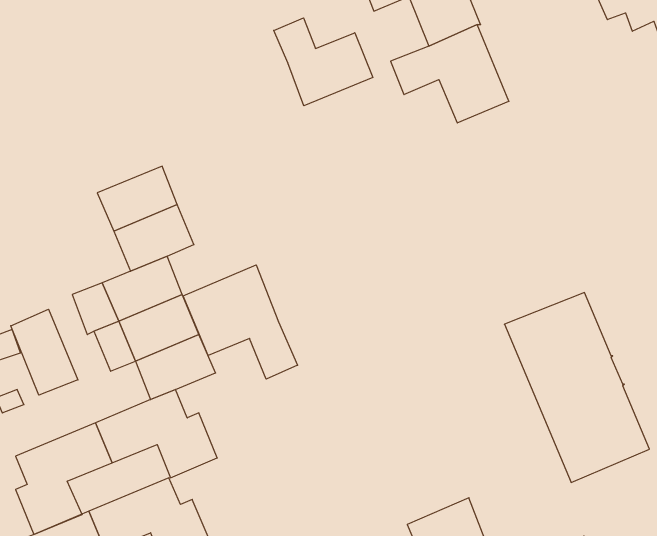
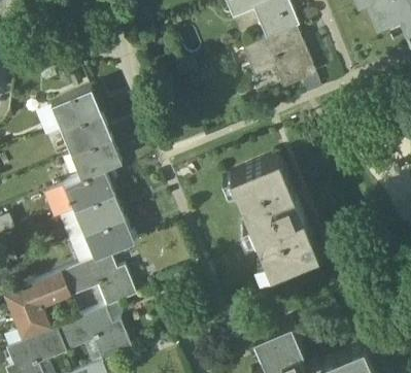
building: [274,18,373,106] -> none
building: none -> [50,90,101,132]
building: [183,265,298,379] -> none
building: [504,293,649,482] -> [229,158,318,275]
building: [11,309,78,395] -> none

